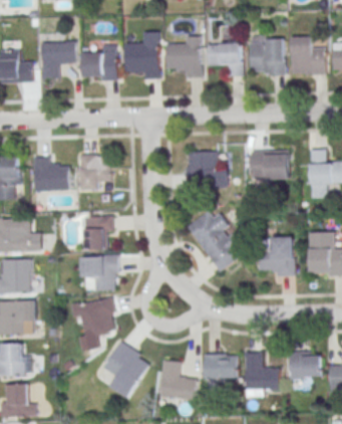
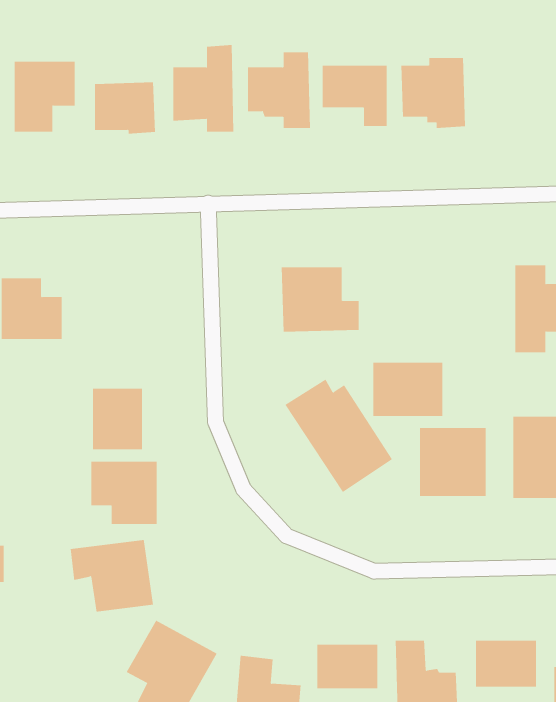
building: [290,36,325,74] -> none
building: [251,150,289,179] -> [372,362,443,416]
building: [79,155,110,189] -> none

